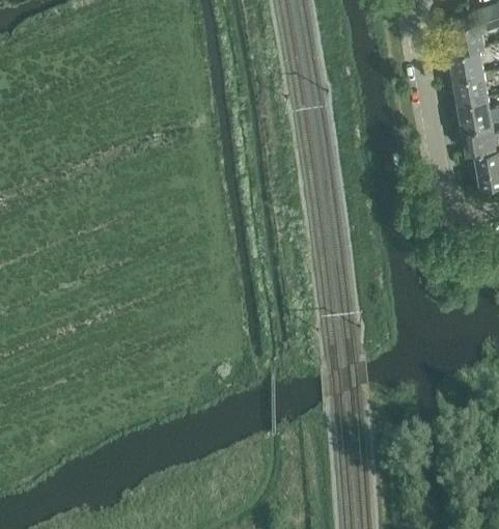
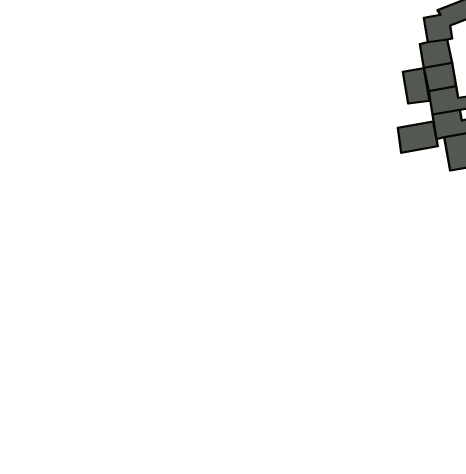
building: none -> [403,68,430,103]
building: none -> [398,121,438,153]

